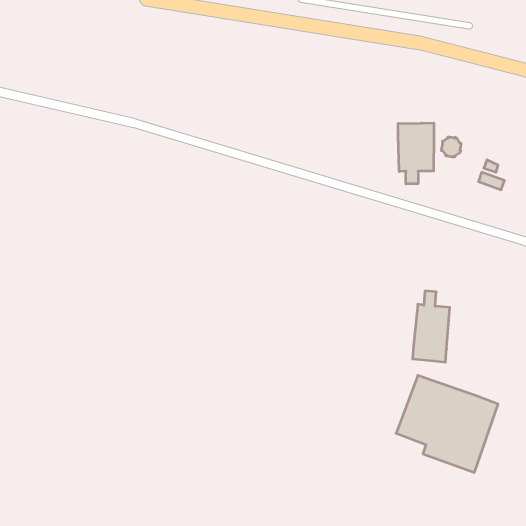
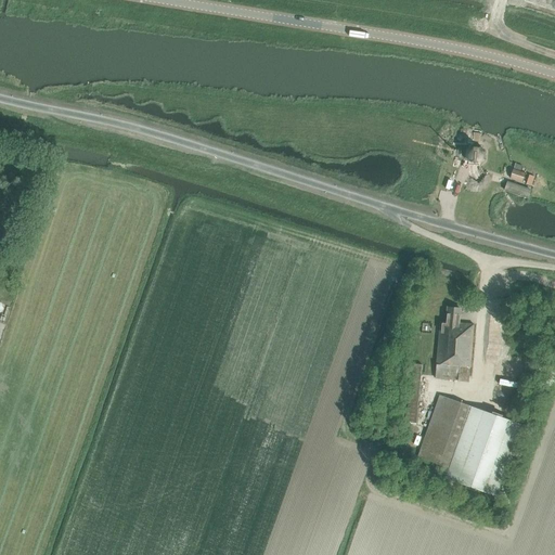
building: [398,123,434,184] -> none

